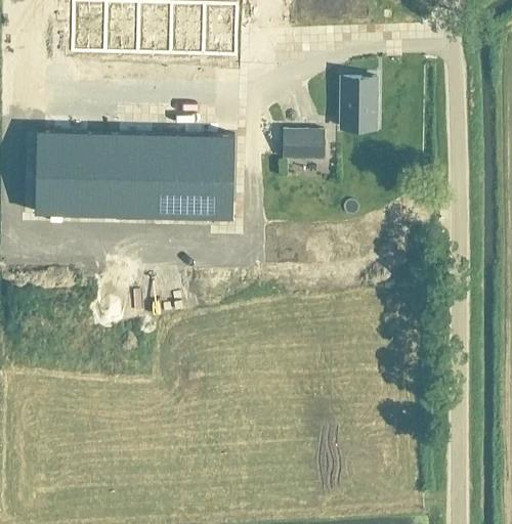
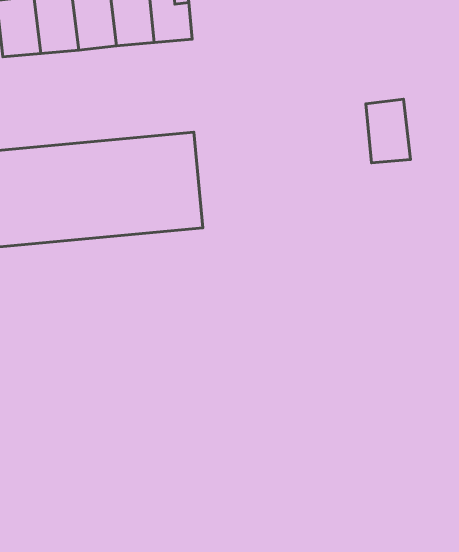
building: [340,78,374,130] -> [366,99,411,163]
building: [281,130,323,160] -> none

